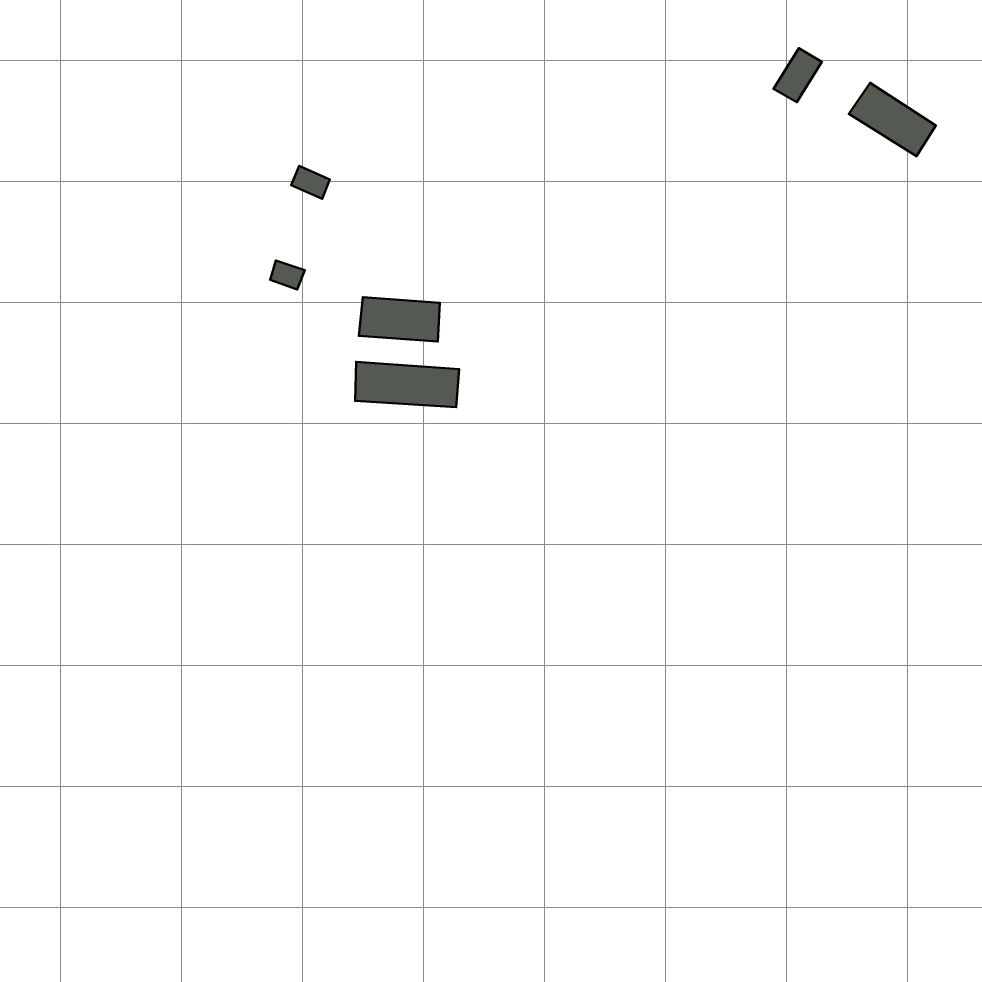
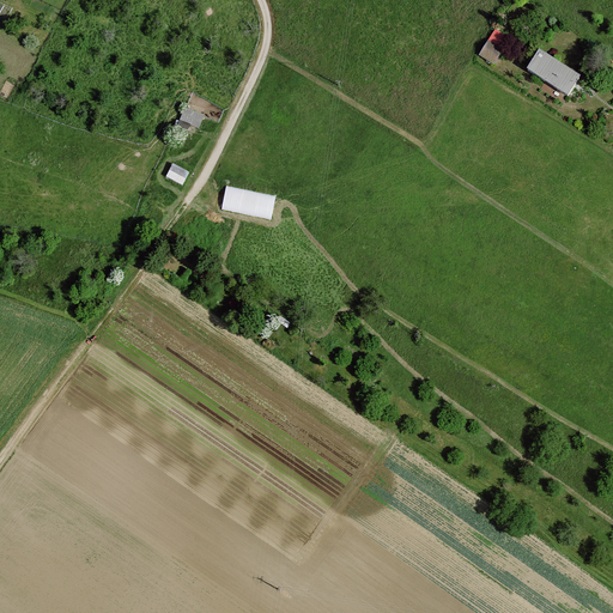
building: [355,362,459,407] -> none

